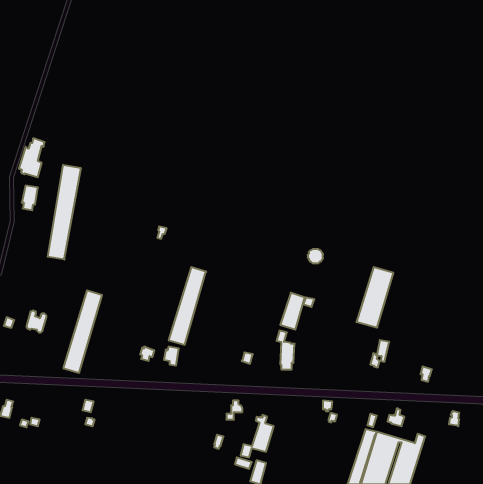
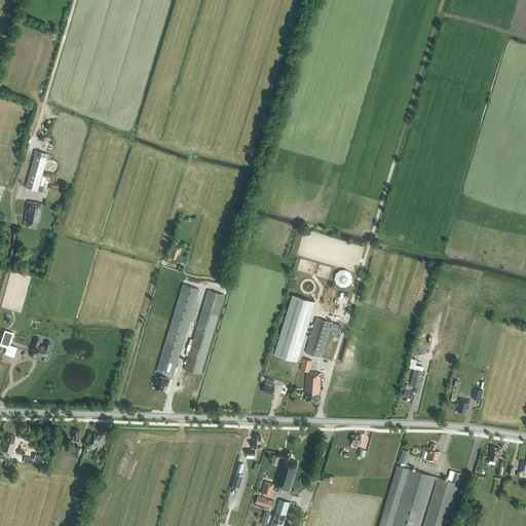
building: [48,165,81,260] -> none
building: [356,267,393,328] -> [273,295,313,361]
building: [63,290,102,373] -> [156,284,198,373]

